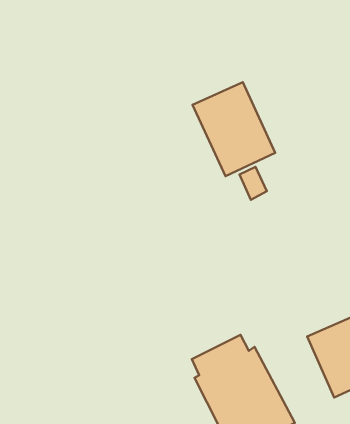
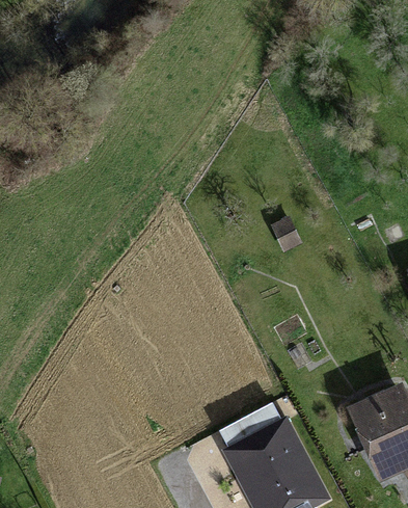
building: [193,82,275,176] -> none

